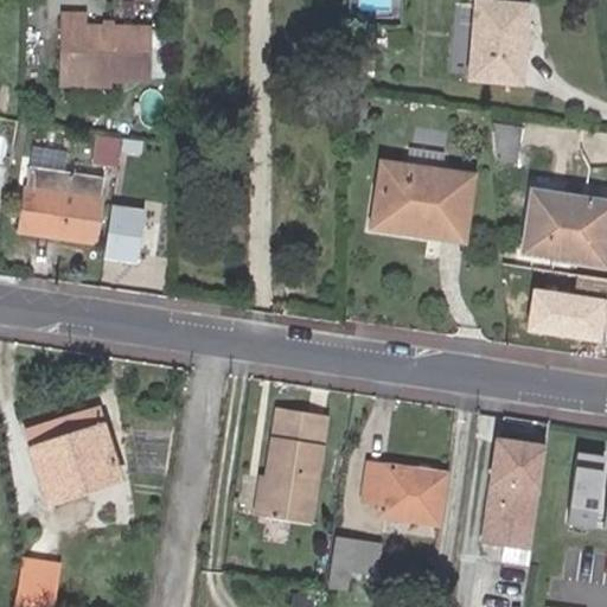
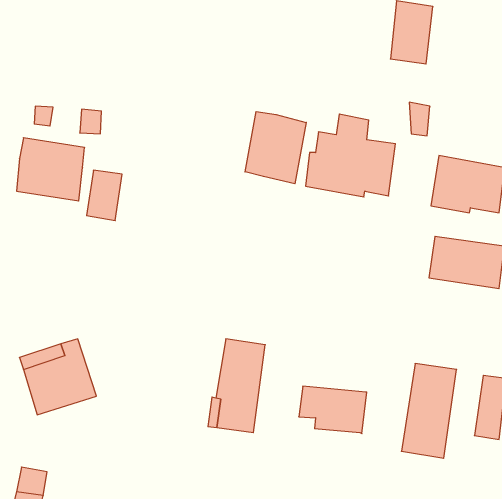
building: [63,20,148,81] -> none
building: none -> [245,112,306,184]
building: [327,537,376,590] -> none

